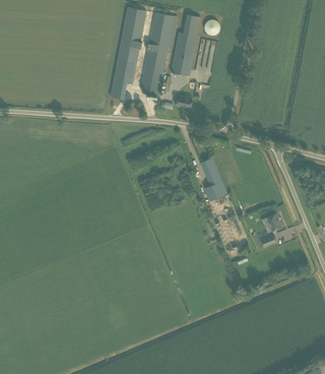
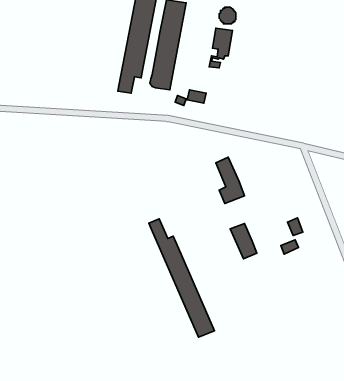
building: [172,21,199,75] -> none
building: none -> [149,219,215,337]

